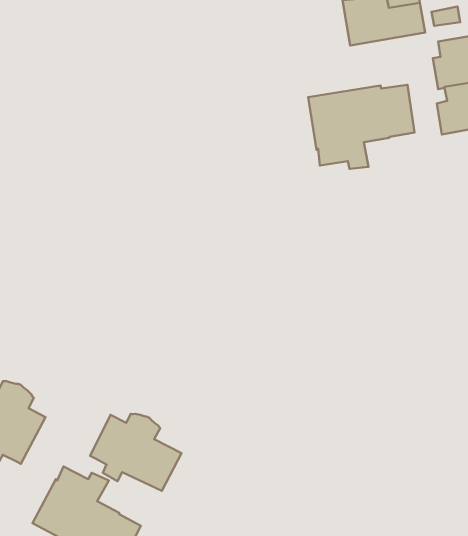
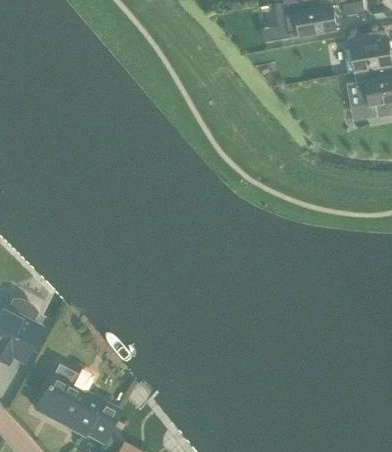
building: [308,85,415,169] -> none
building: [90,414,182,491] -> none

